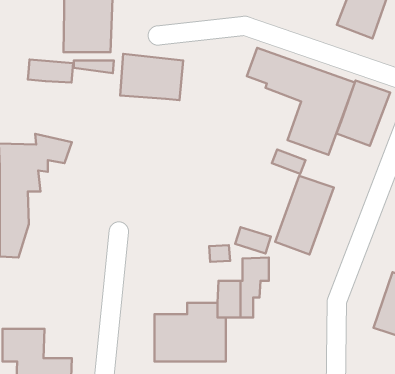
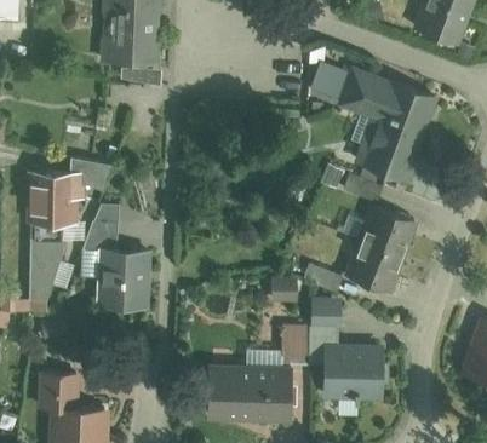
building: [120,54,183,100] -> none
building: [28,60,73,82] -> none
building: [336,80,390,146] -> none
building: none -> [84,205,149,307]
building: none -> [321,344,380,418]

